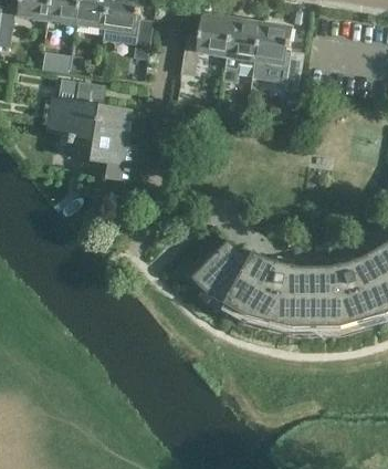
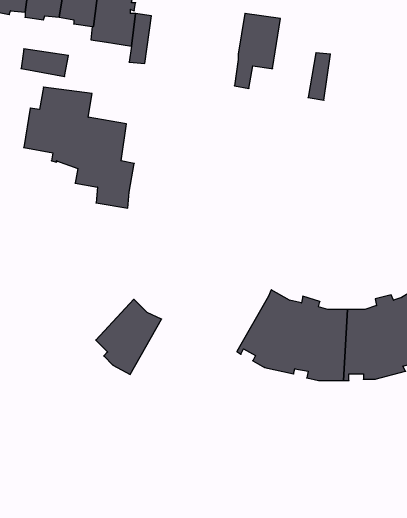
building: [179,15,230,77] -> none
building: [251,24,291,80] -> none
building: [195,241,250,304] -> [96,299,162,374]

